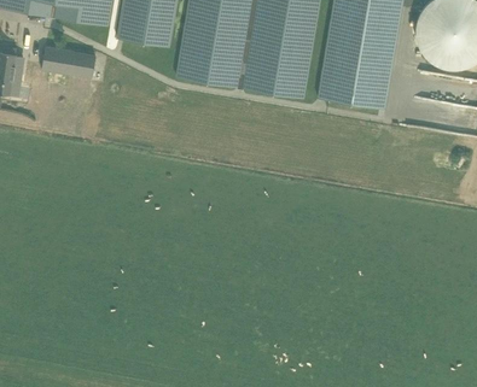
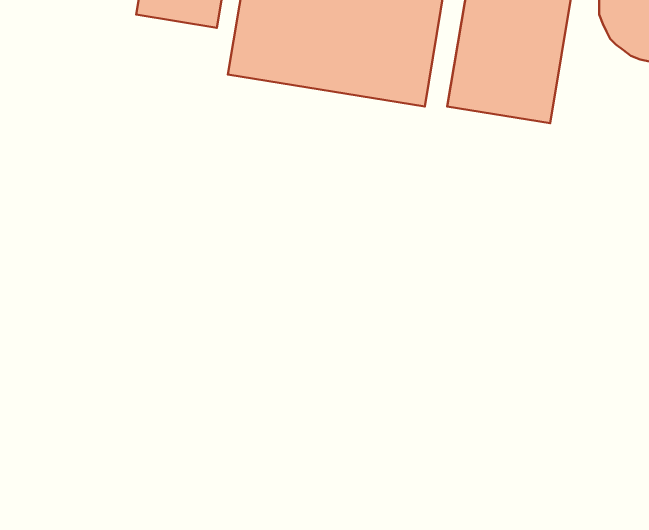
building: [40,48,94,78] -> none

